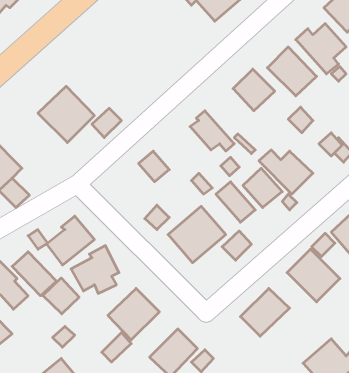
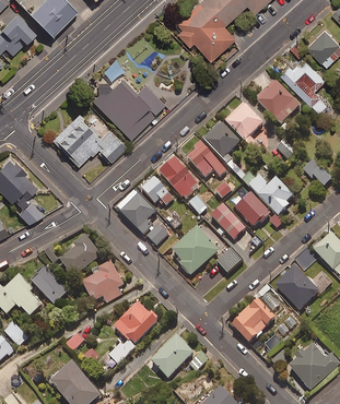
building: none -> [86,80,165,141]
building: none -> [203,119,241,157]
building: none -> [160,155,199,197]
building: none -> [117,189,156,227]
building: [43,278,79,314] -> none

